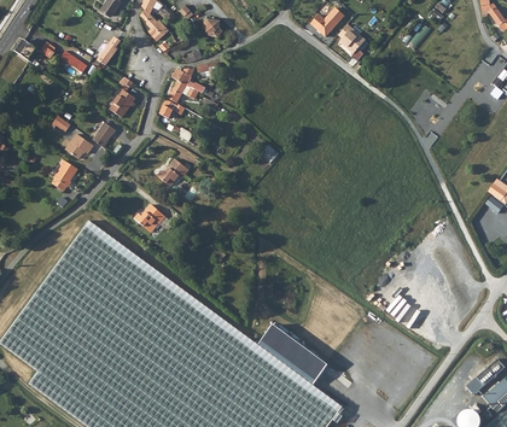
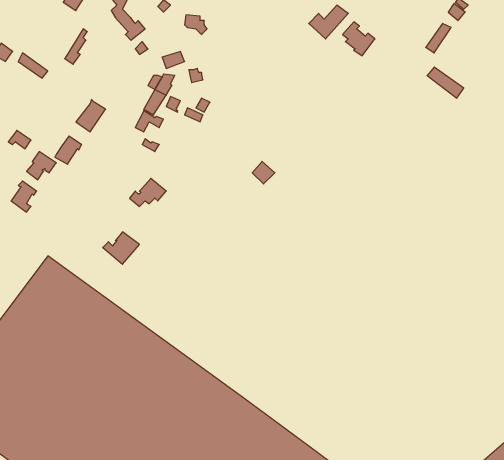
building: [255,324,326,387] -> none

